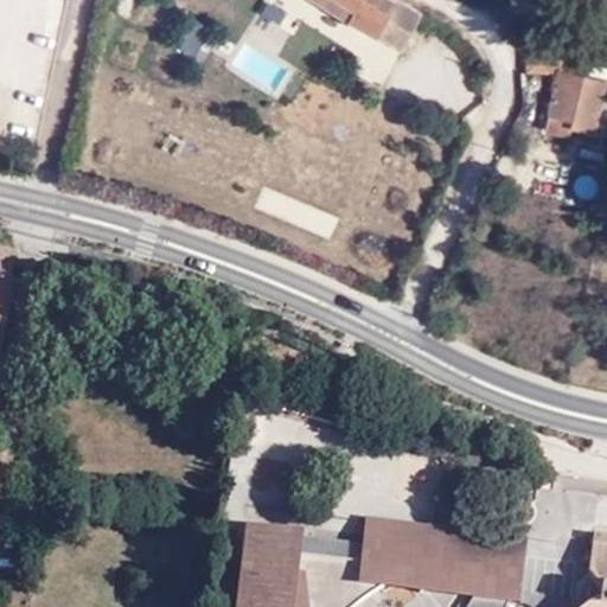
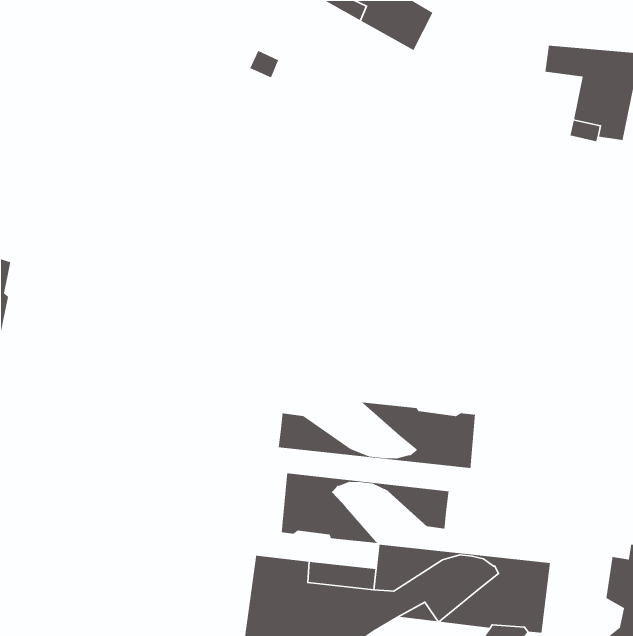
building: none -> [278,402,476,469]
building: none -> [281,473,449,544]

